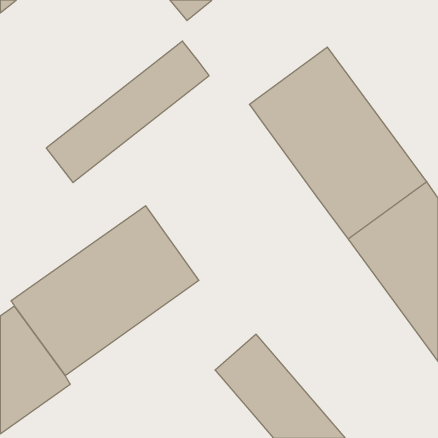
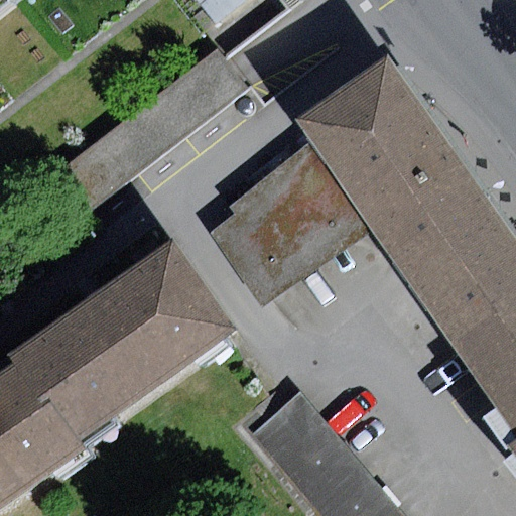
building: none -> [211,145,372,308]

